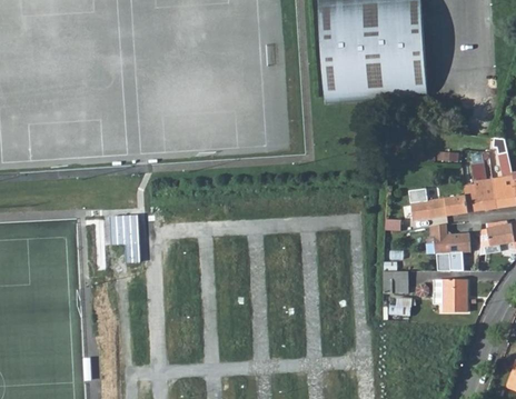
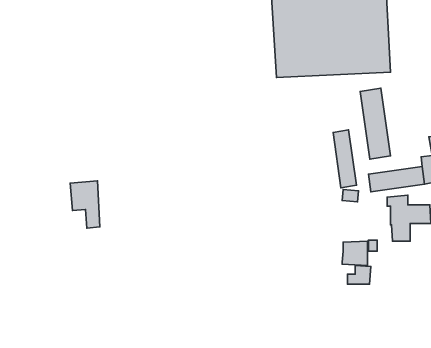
building: none -> [360,88,390,159]
building: none -> [333,130,356,188]
building: [443,277,466,310] -> none

